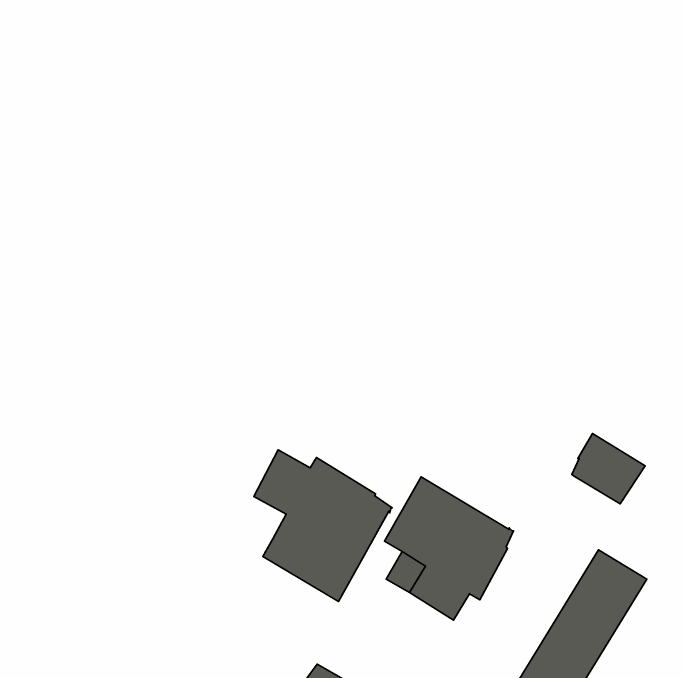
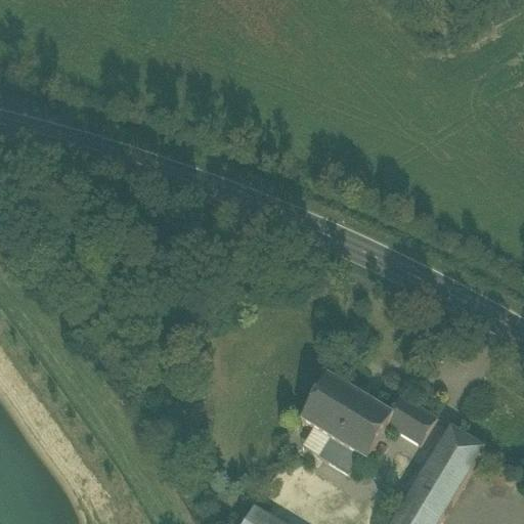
building: [572,434,645,504] -> [386,393,437,442]
building: [254,450,392,601] -> none

